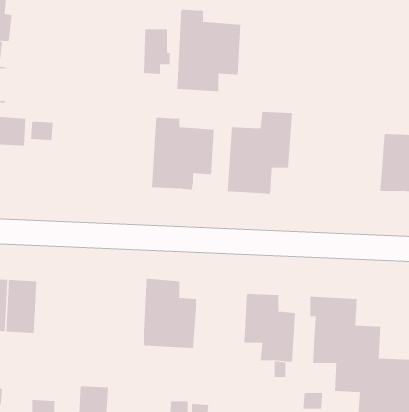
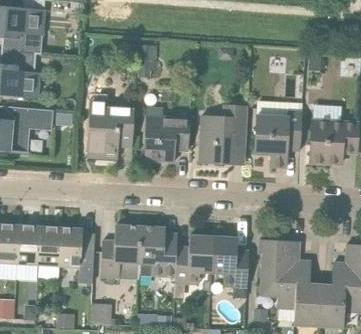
building: [176,9,241,92] -> [87,99,134,159]
building: none -> [254,111,302,168]
building: none -> [100,225,140,278]
building: none -> [59,228,94,284]
building: none -> [175,235,213,284]

